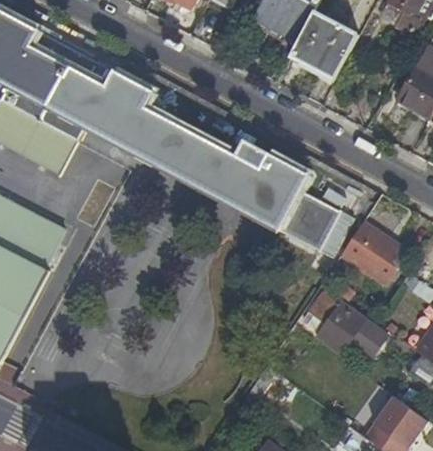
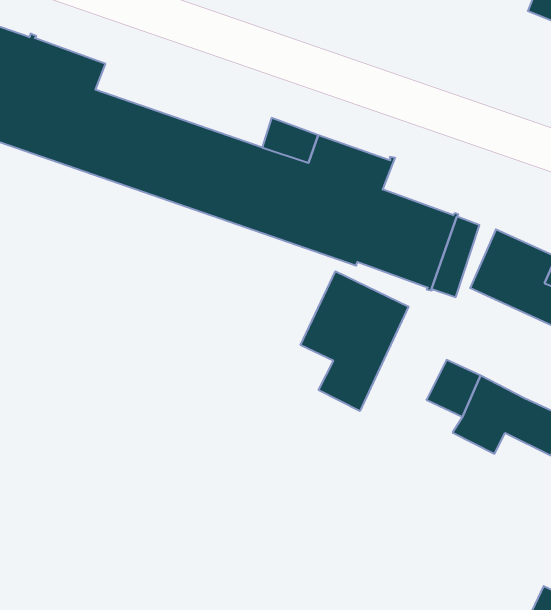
building: none -> [301,271,408,411]

